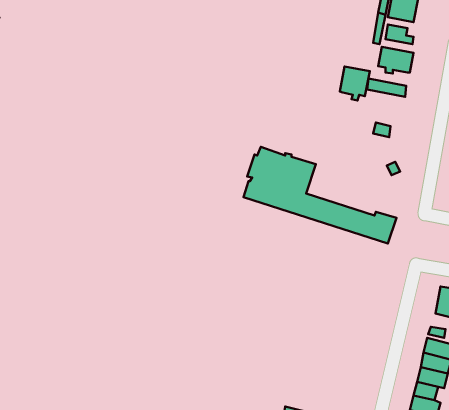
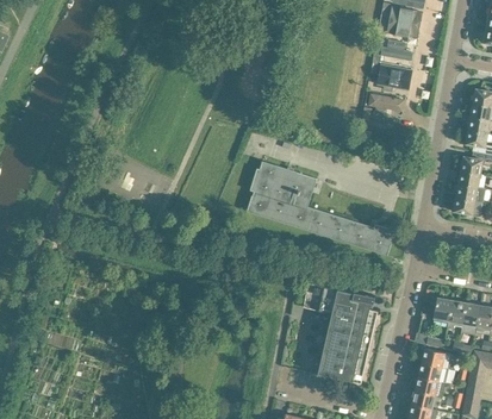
building: [340,67,370,101] -> none
building: none -> [304,282,378,383]

